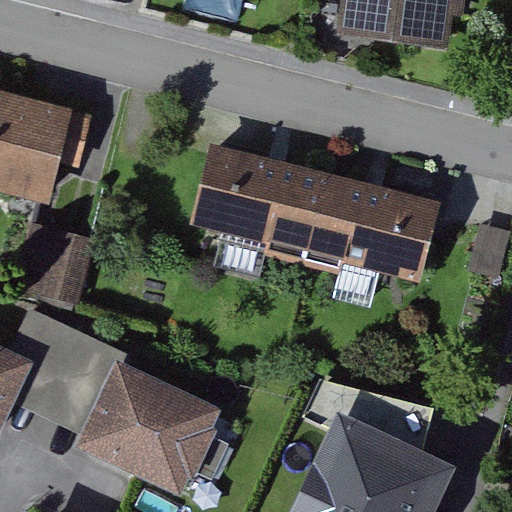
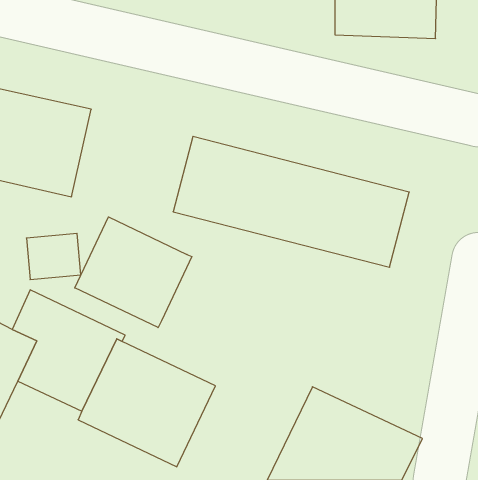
building: none -> [75,217,192,328]

